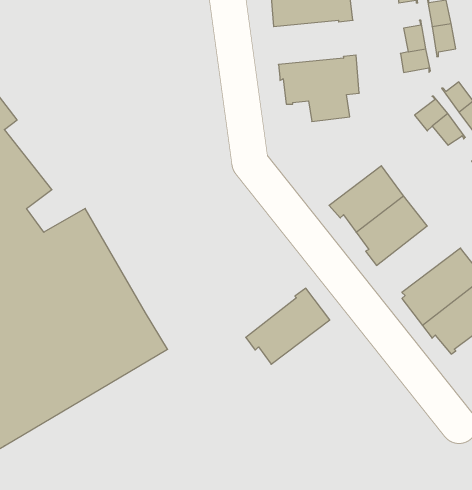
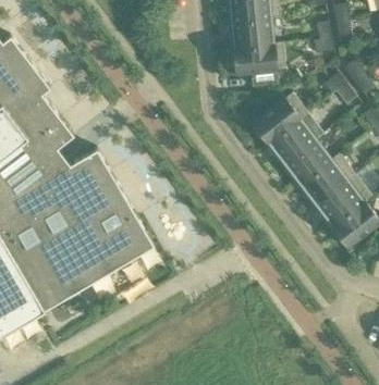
building: none -> [228,21,276,51]
building: none -> [252,95,309,148]
building: [246,288,330,364] -> [298,156,356,208]

